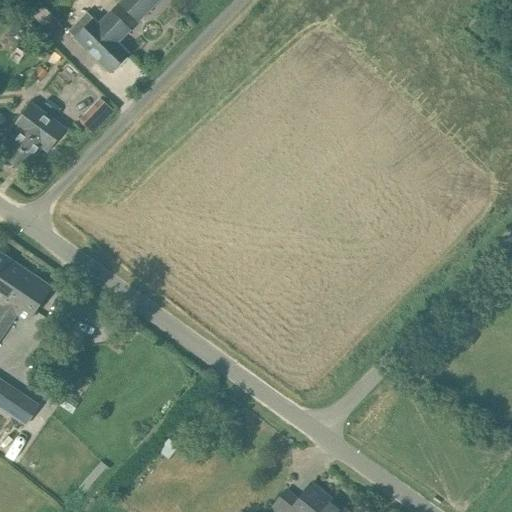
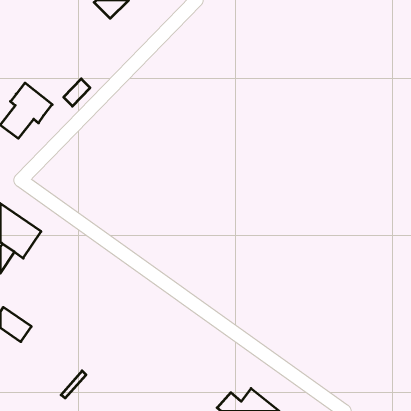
building: [69,12,131,73] -> none

